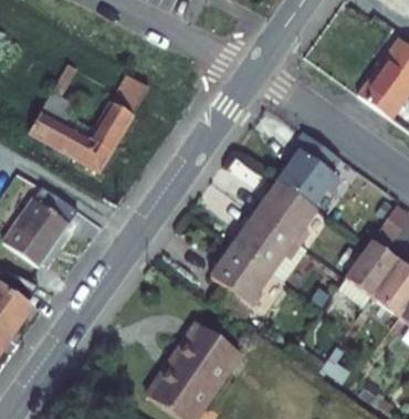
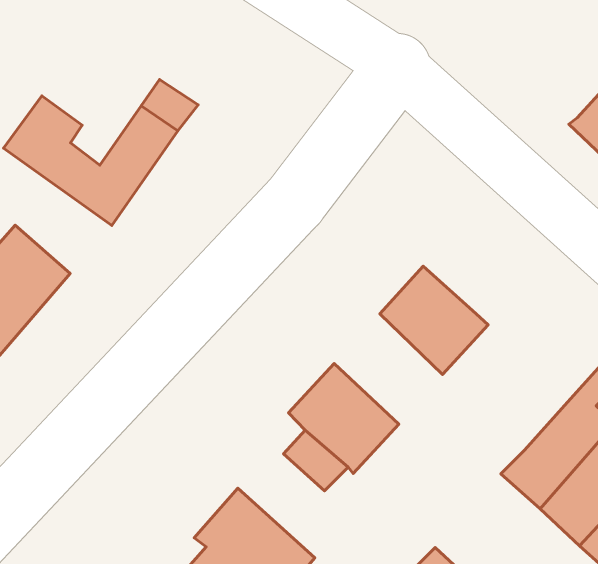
building: [281,129,340,202] -> none
building: [235,209,318,284] -> none

